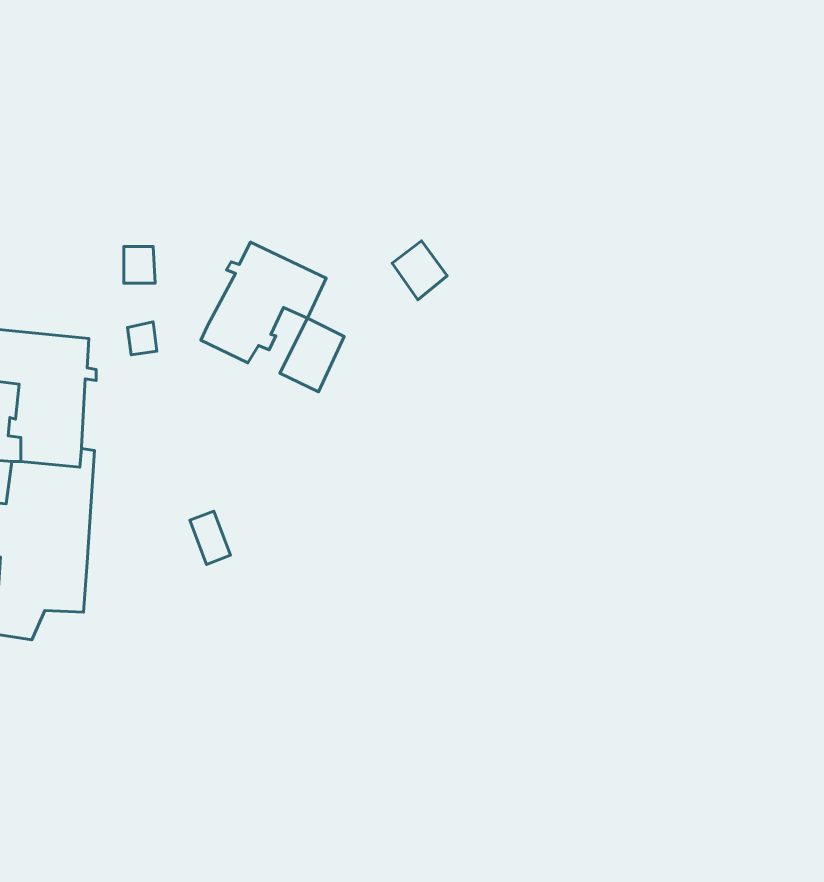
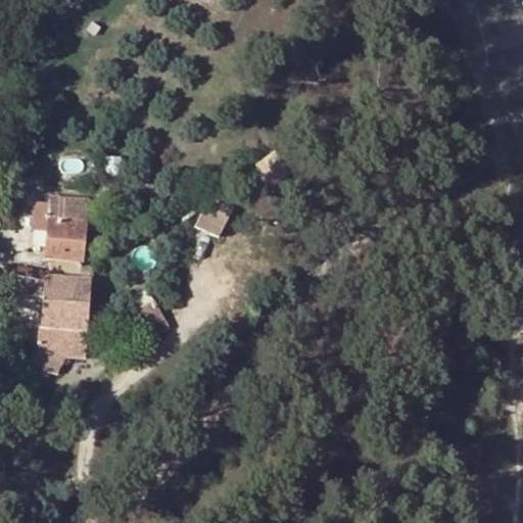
building: [201,242,326,363] -> none

